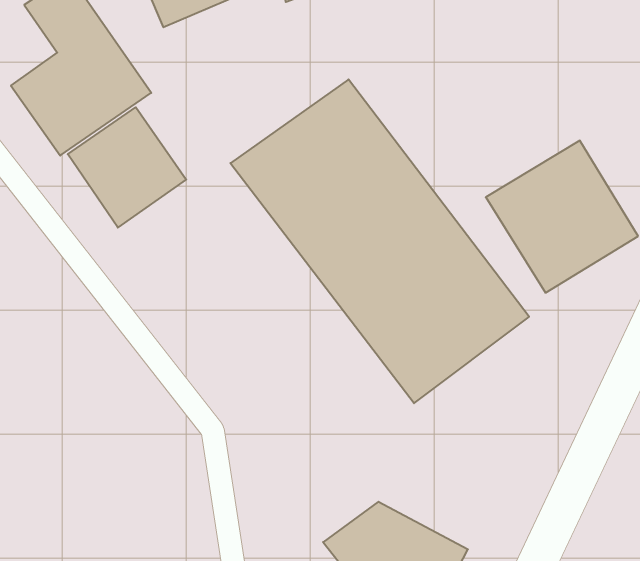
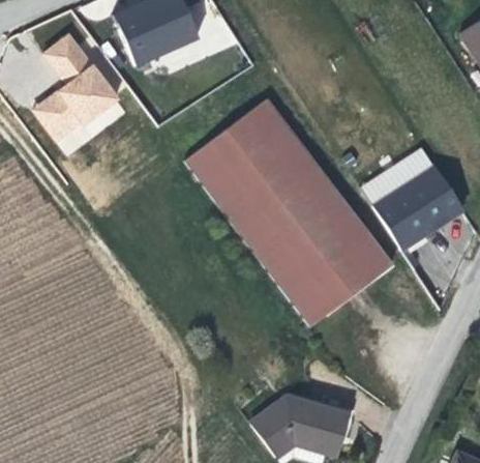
building: [68,107,186,228] -> none

